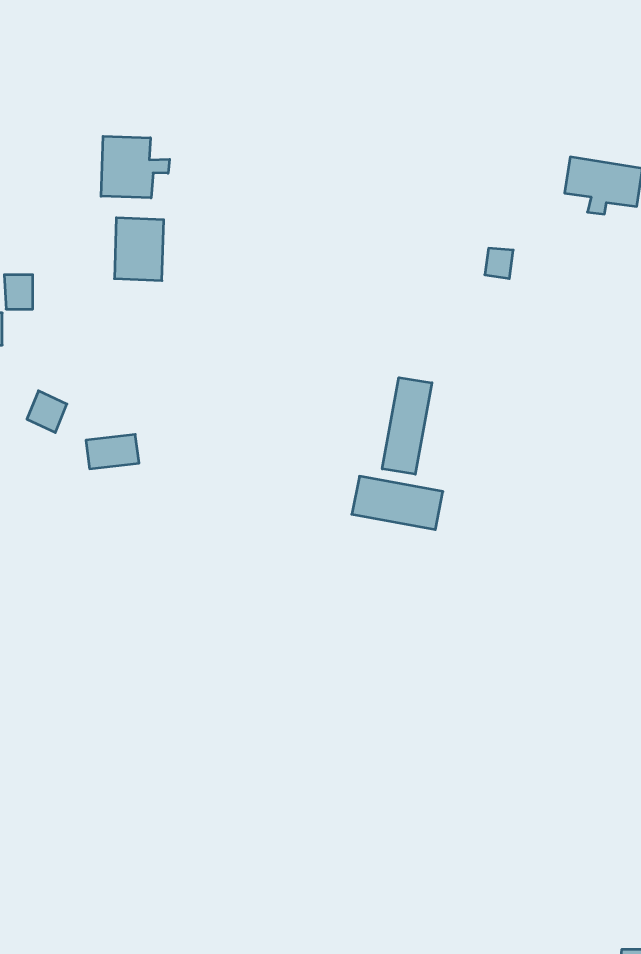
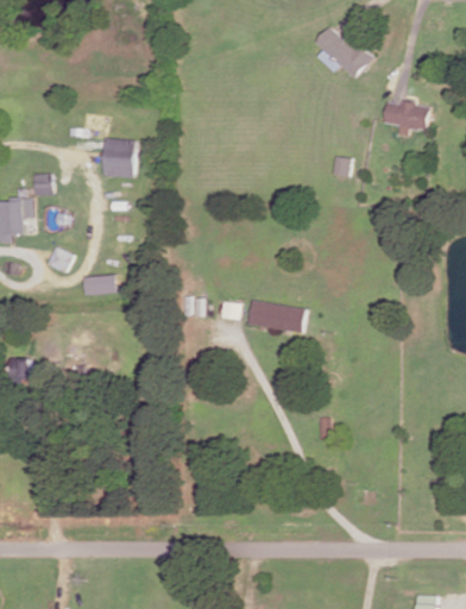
building: none -> [315,25,371,79]
building: [101,136,170,198] -> none
building: [382,378,432,474] -> none

